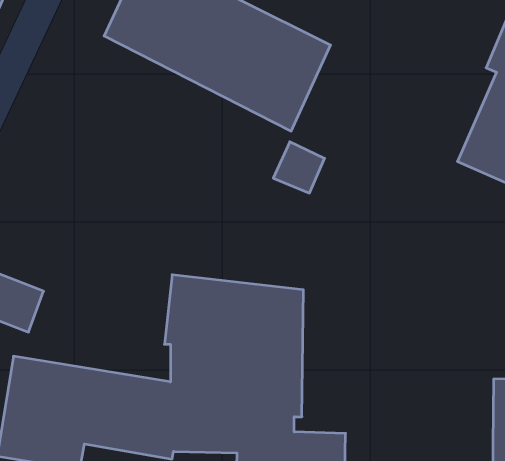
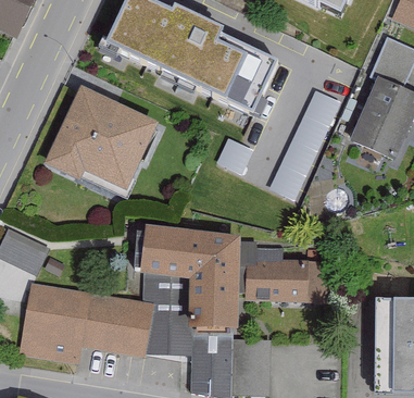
building: none -> [273,80,343,192]
building: none -> [42,88,160,194]
building: none -> [244,247,327,306]

